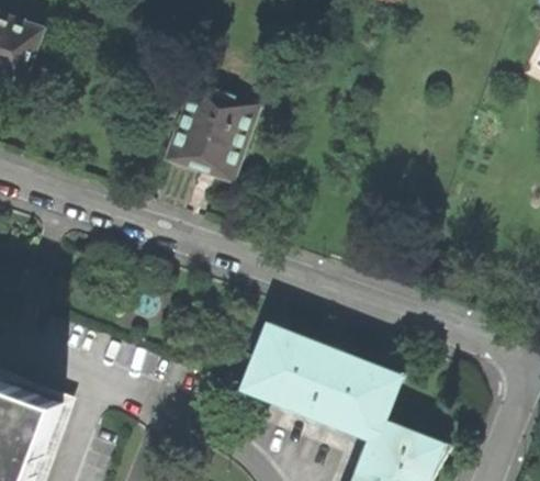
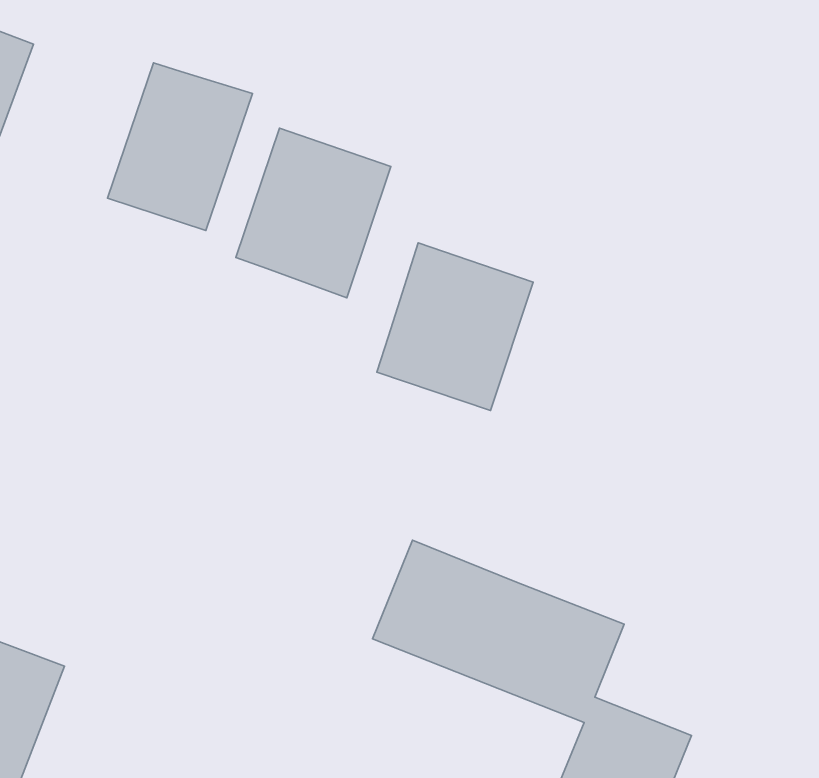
building: none -> [108,63,253,231]
building: none -> [377,243,533,410]

